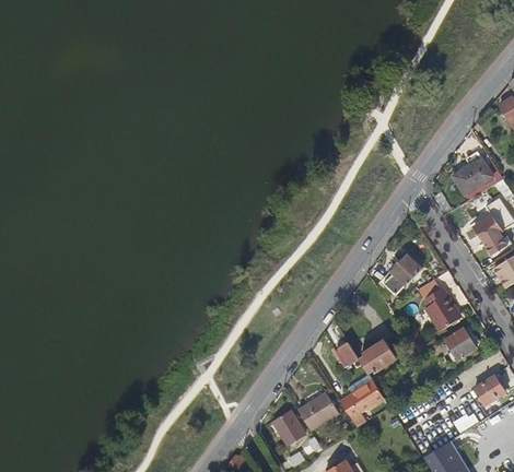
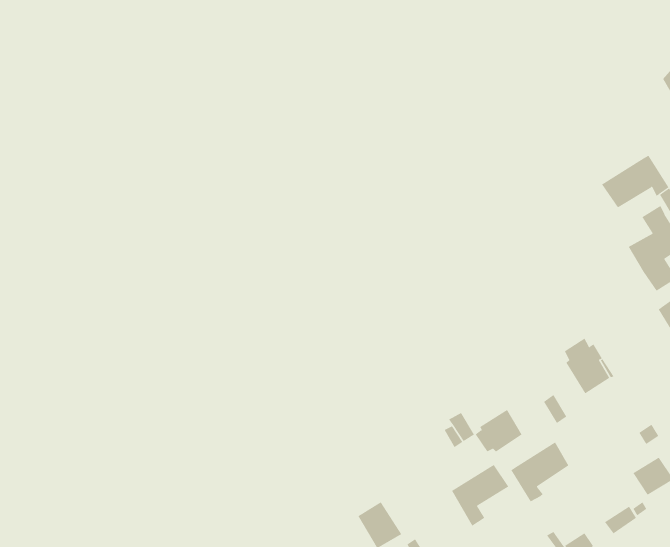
building: [381,253,422,295] -> none
building: [445,327,480,358] -> none
building: none -> [510,441,569,502]
building: [299,393,339,430] -> none

